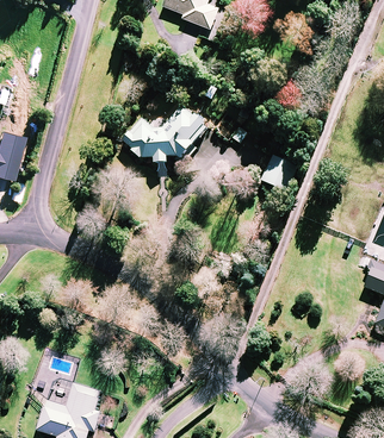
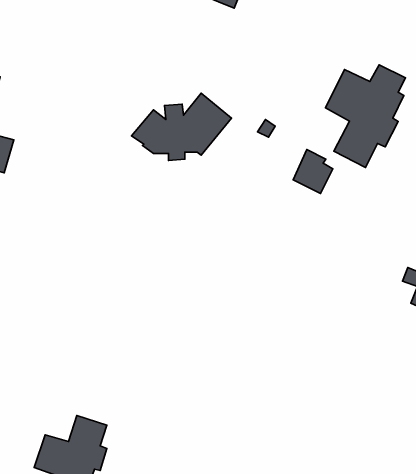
building: none -> [325,65,405,168]

